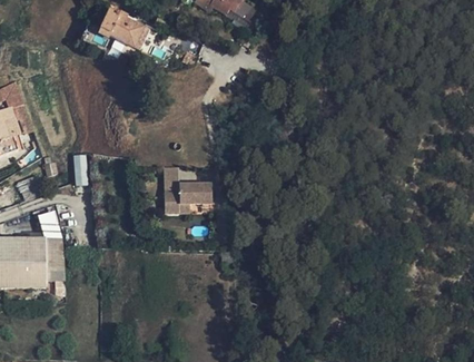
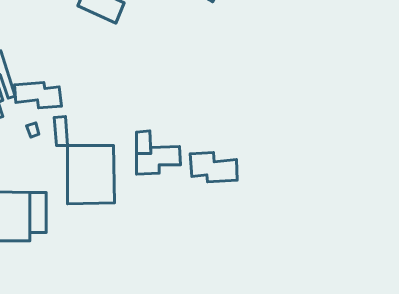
building: none -> [15,83,62,108]
building: none -> [68,145,115,204]
building: none -> [190,153,237,182]

